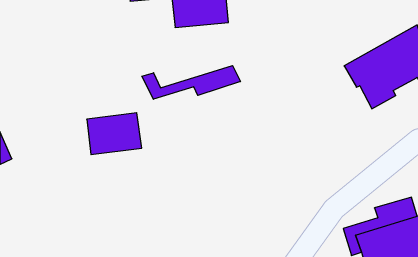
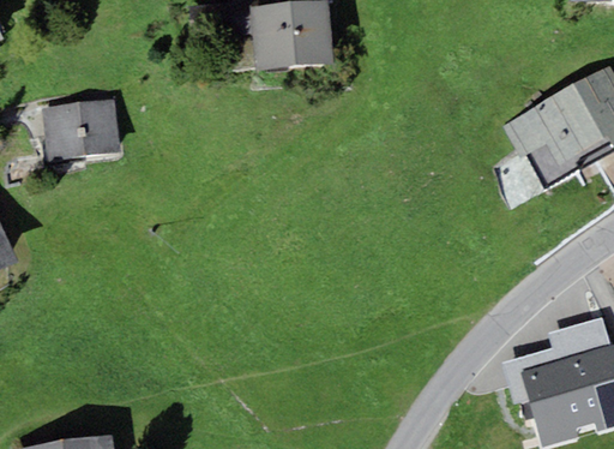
building: [142,66,240,99] -> none
building: [87,113,142,155] -> [42,98,122,160]

